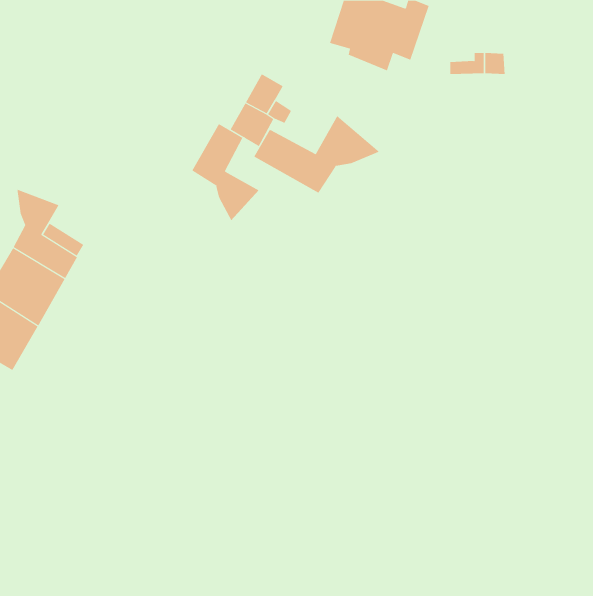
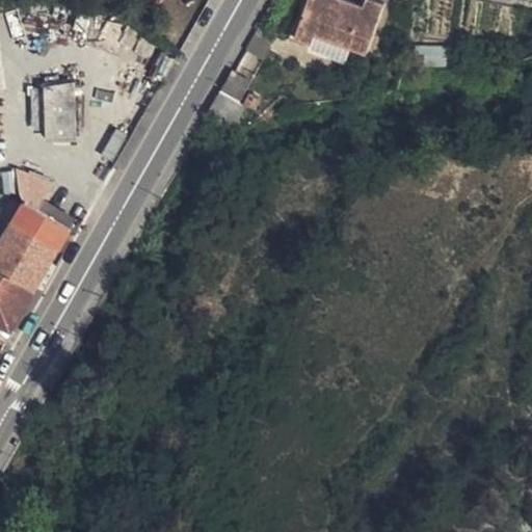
building: none -> [45,82,75,139]
building: [253,115,380,194] -> none
building: [192,123,259,221] -> none

